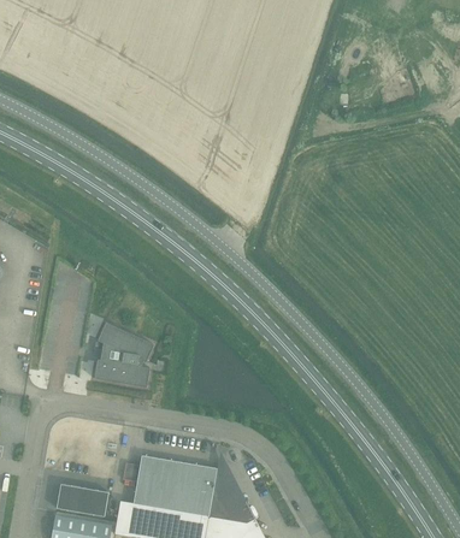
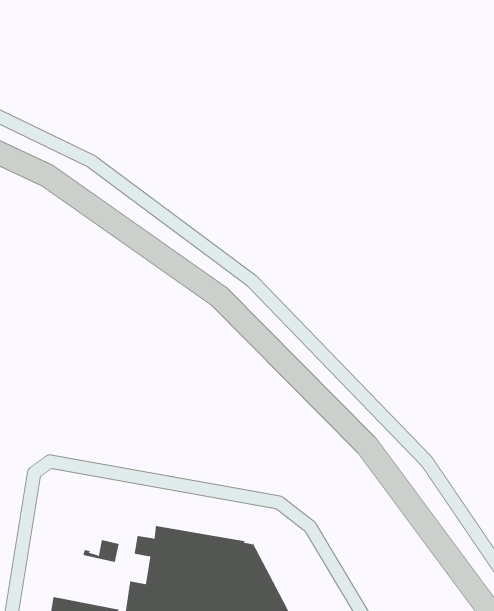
building: [94,323,154,388] -> none
building: [57,484,108,516] -> none

